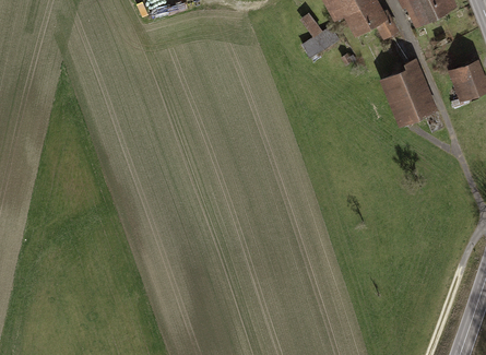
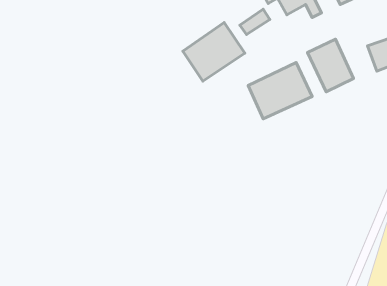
building: none -> [183,23,245,81]
building: none -> [248,63,312,119]

